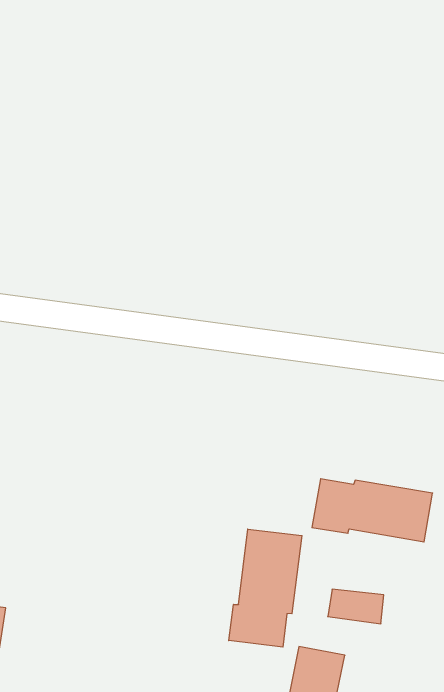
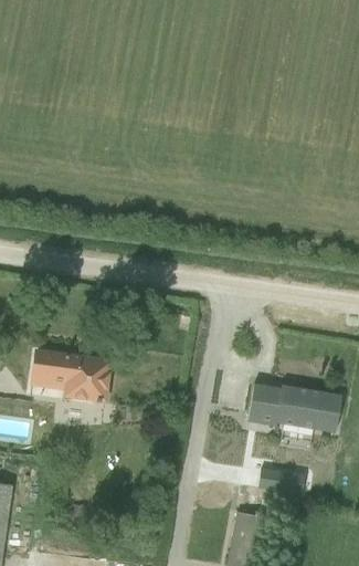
building: none -> [31,352,109,402]
building: [229,529,302,647] -> none

